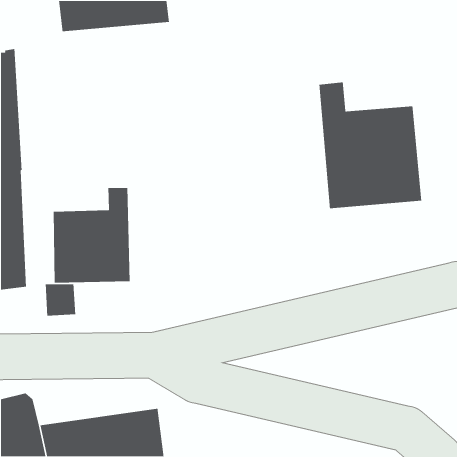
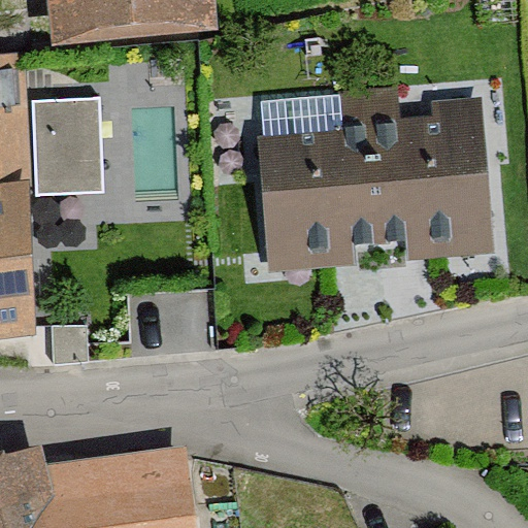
building: none -> [261,96,380,251]
building: none -> [33,101,99,197]
building: [53,187,131,284] -> none

